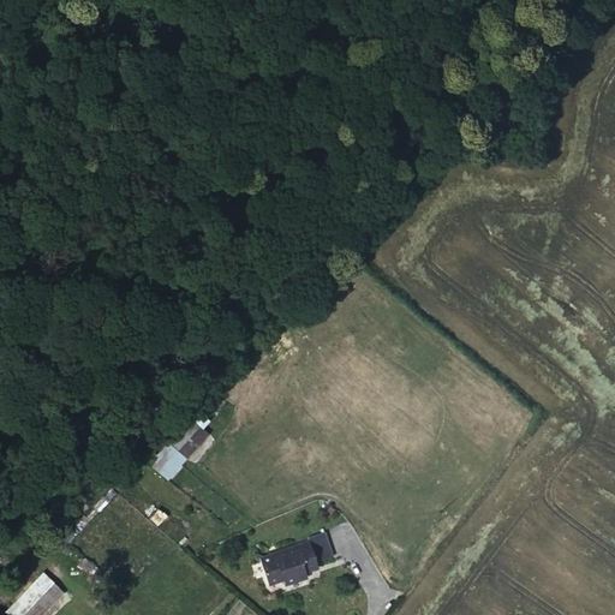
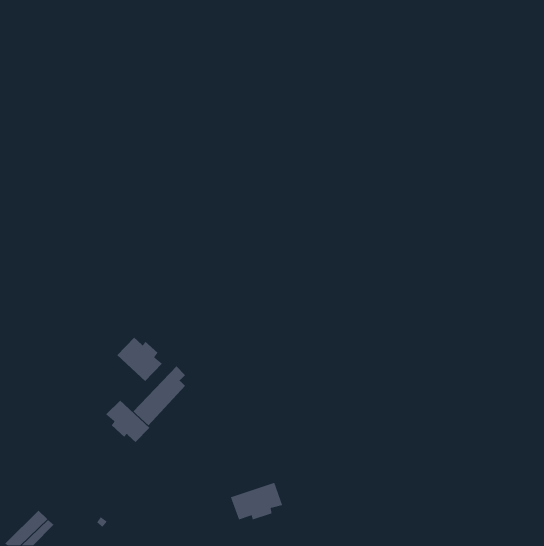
building: none -> [116,337,163,382]
building: none -> [105,400,150,443]

